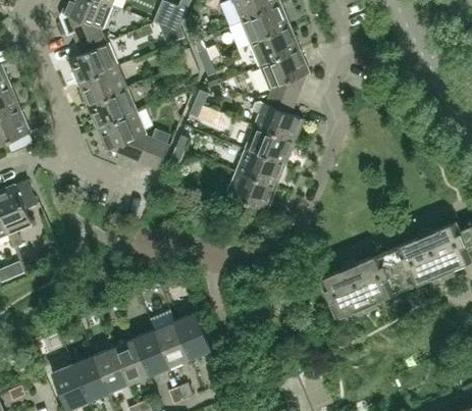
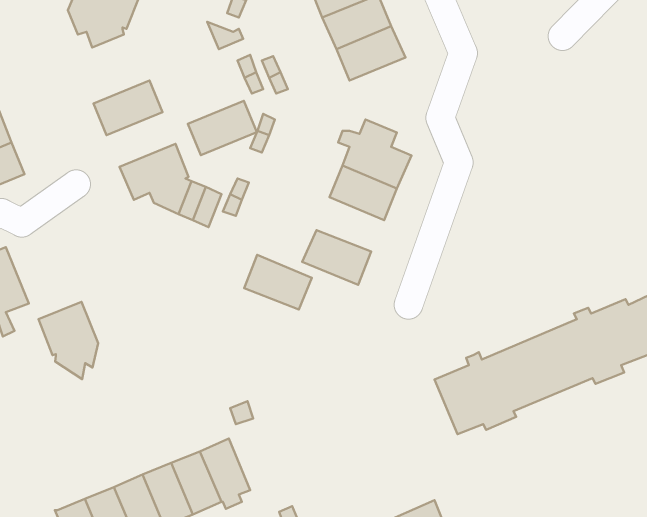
building: [68,35,118,84] -> none
building: [260,51,309,104] -> none
building: [88,90,137,129] -> [188,101,257,155]
building: [237,150,284,189] -> [244,255,312,310]
building: none -> [39,302,98,379]
building: [174,312,211,358] -> none

